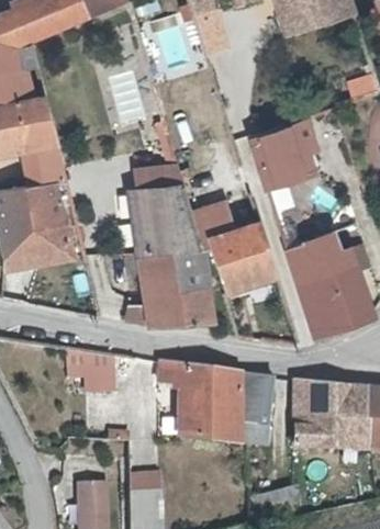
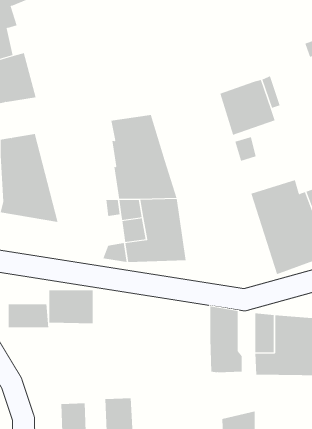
building: [18,143,63,187] -> none
building: [193,202,277,289] -> none
building: [159,360,243,443] -> none
building: none -> [8,304,49,328]

